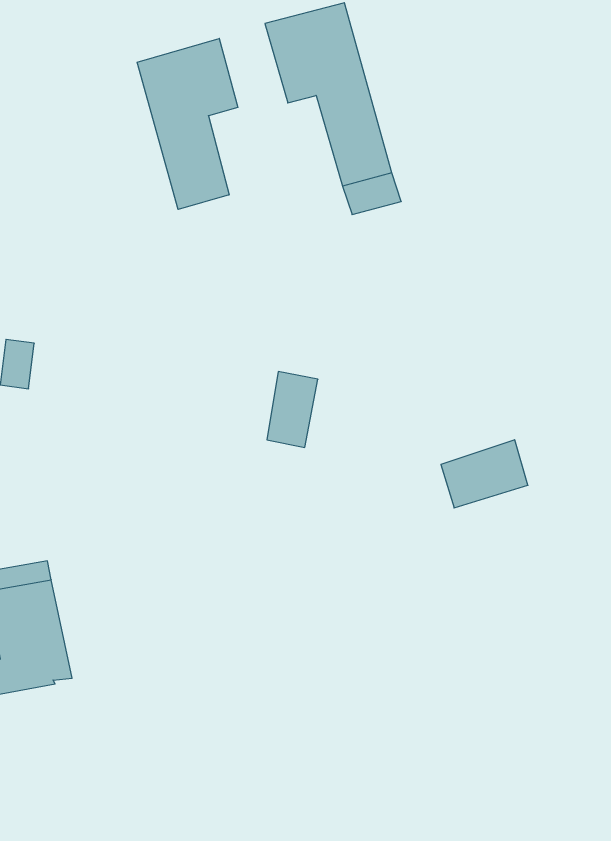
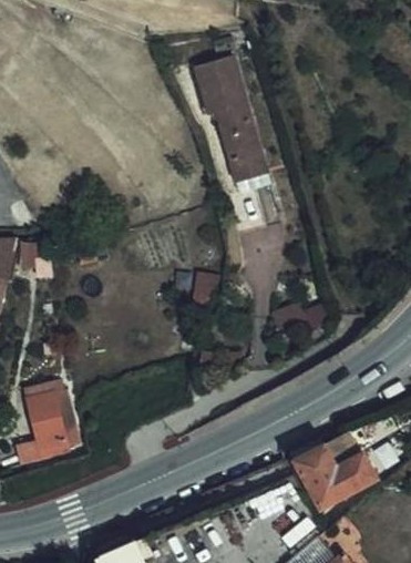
building: [137,38,238,209] -> none
building: none -> [290,433,374,506]

